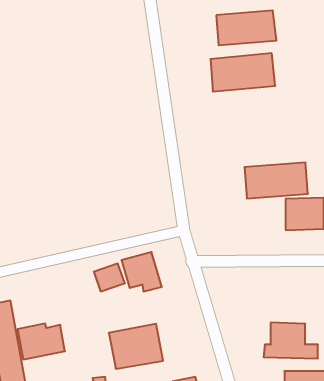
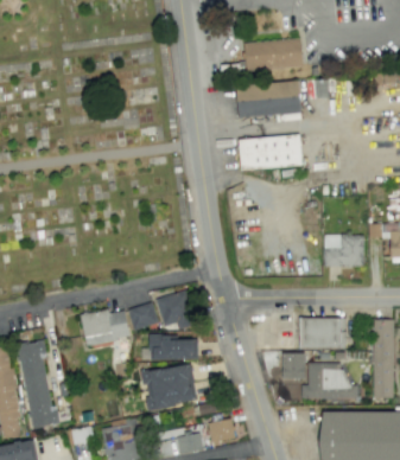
building: [244,163,308,198] -> [237,135,303,172]
building: none -> [298,318,345,349]
building: none -> [150,336,198,359]
building: none -> [282,353,306,379]
building: [17,324,65,359] -> [81,308,129,345]

